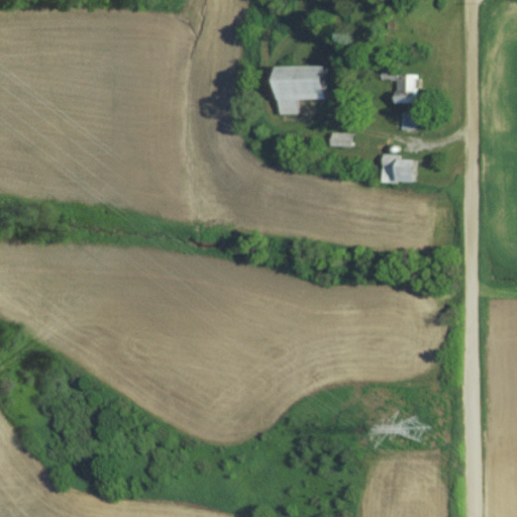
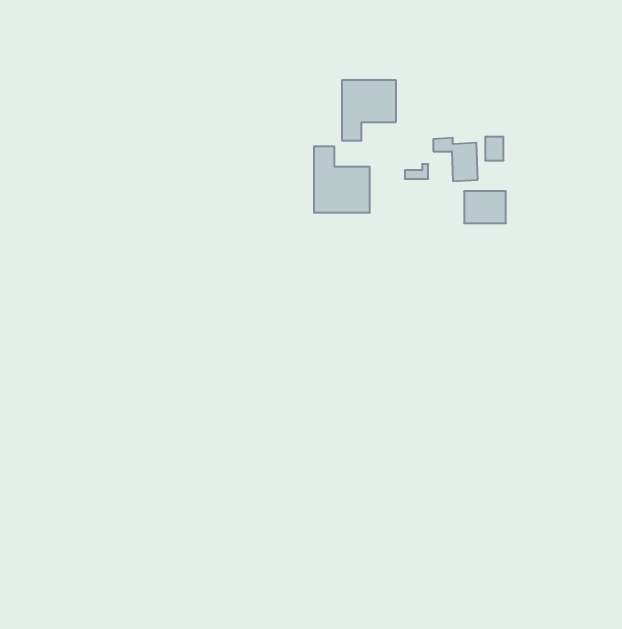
building: [379,69,415,104] -> [433,138,478,181]
building: none -> [314,146,370,213]

